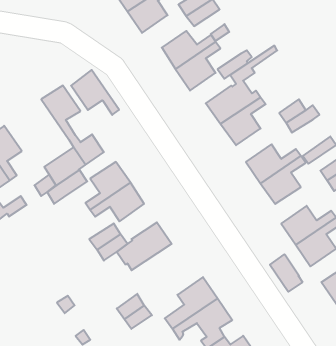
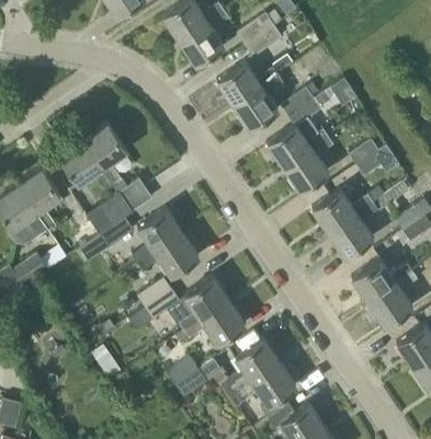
building: [71,70,119,115] -> [59,139,113,189]
building: none -> [183,301,245,344]
building: [270,254,302,292] -> none

